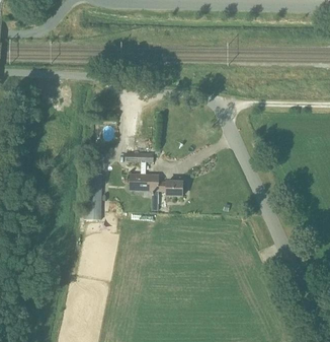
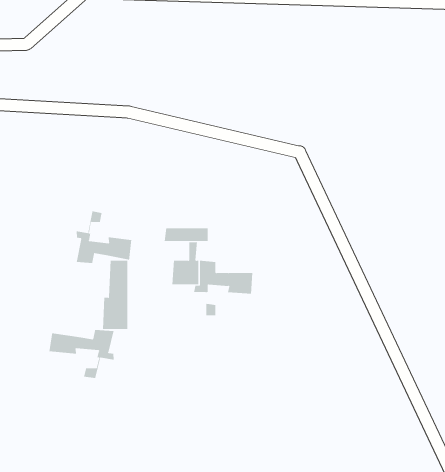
building: none -> [76,211,132,264]
building: none -> [49,329,114,379]

